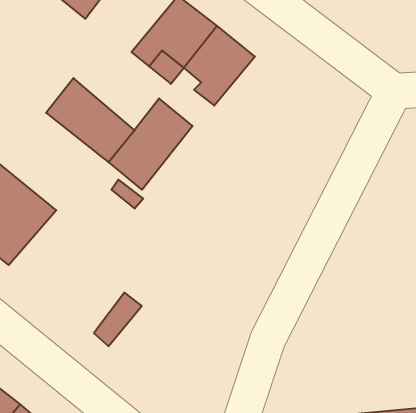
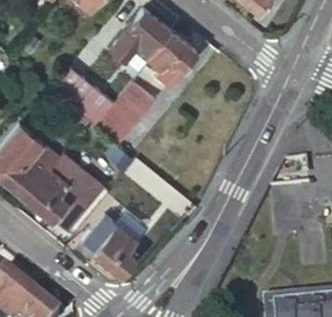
building: none -> [28,147,107,227]
building: none -> [97,222,138,273]

